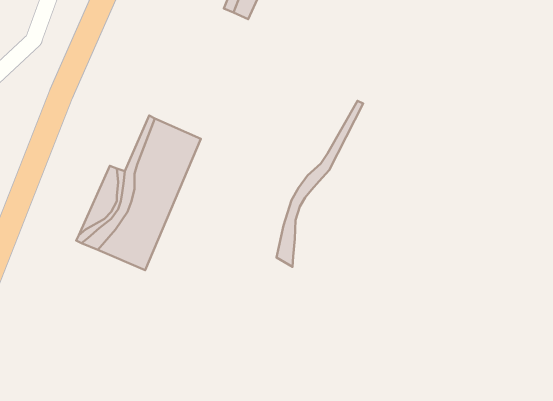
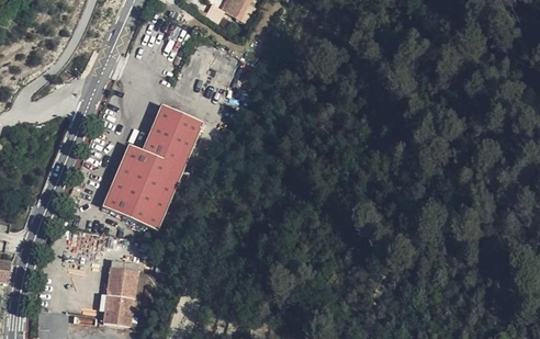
building: [276,101,363,267] -> none
building: none -> [105,258,142,320]

